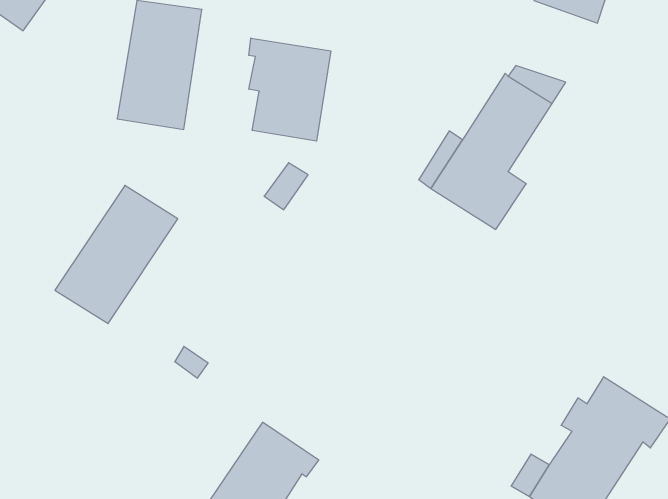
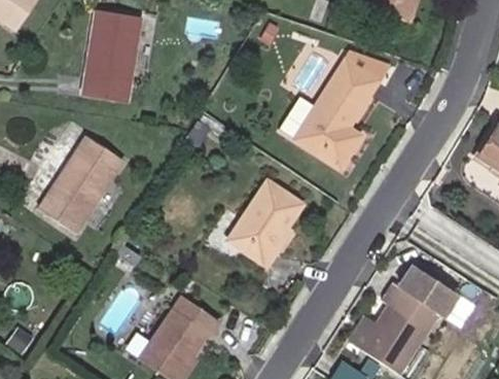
building: [249,38,331,141] -> none
building: none -> [227,179,302,265]

